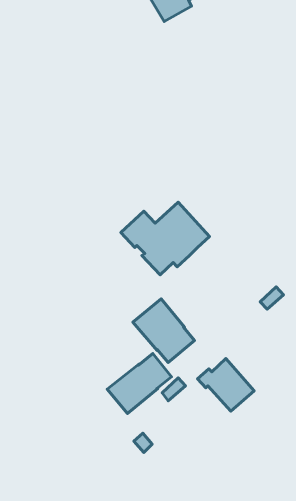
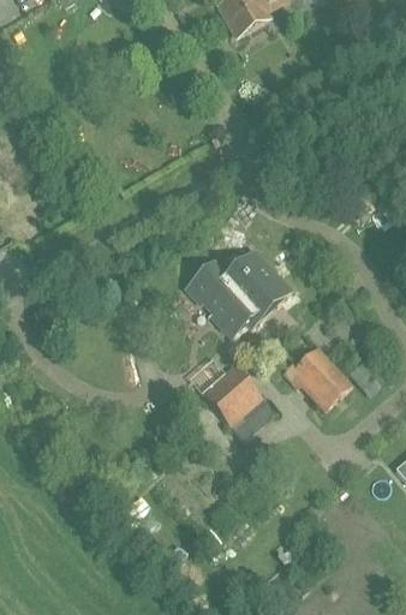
building: [107,354,171,414] -> none
building: [198,359,254,411] -> [283,348,351,411]

